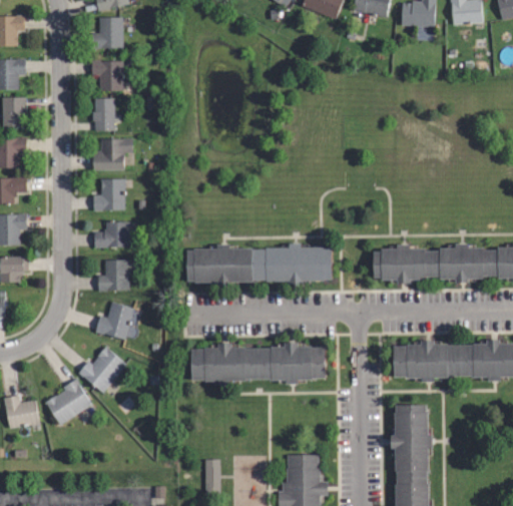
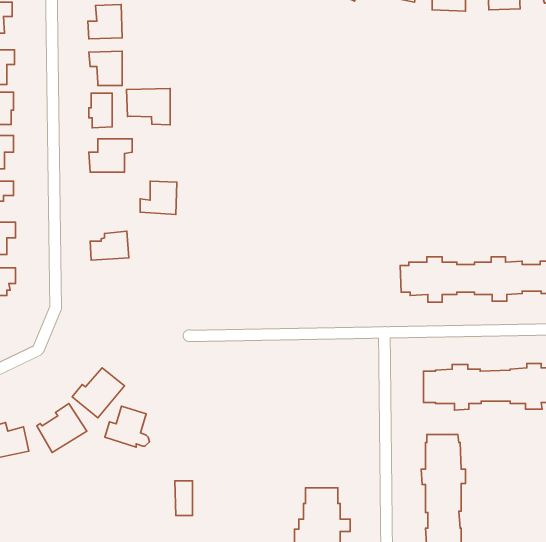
building: none -> [127,88,170,125]
building: [93,178,126,208] -> [140,181,177,214]
building: [187,244,330,289] -> none
building: [100,260,129,289] -> none
building: [98,303,138,340] -> [105,406,149,447]
building: [191,345,324,387] -> none
building: [202,461,218,492] -> [175,481,192,515]

